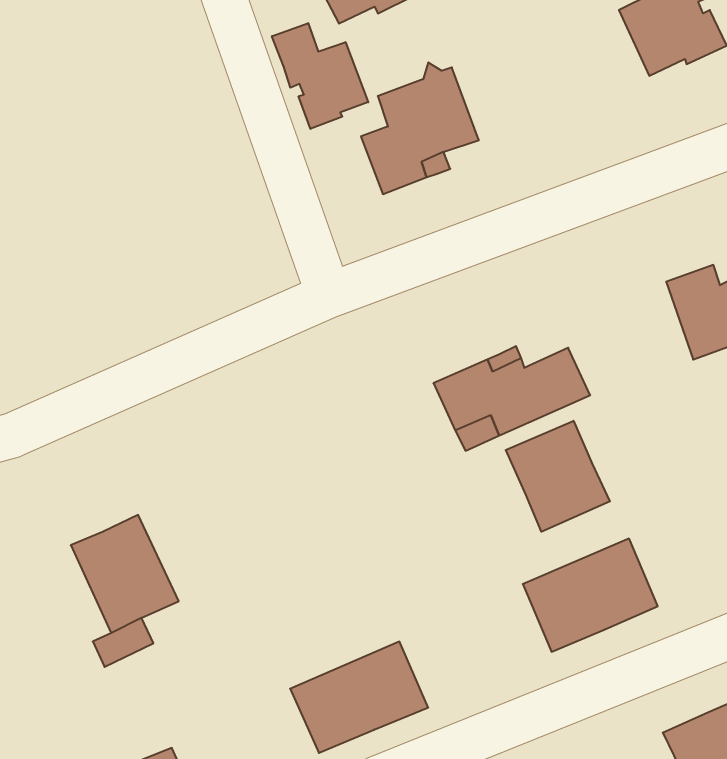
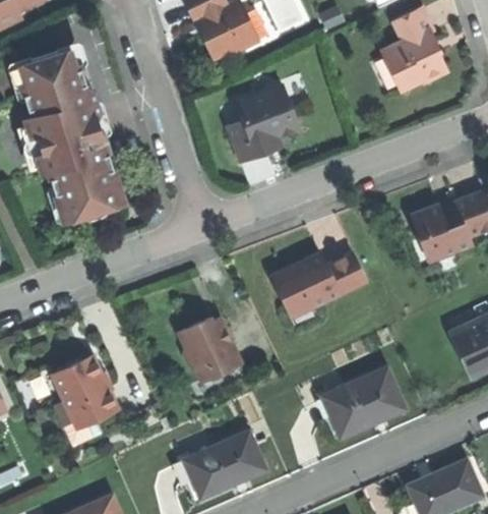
building: none -> [21,51,121,216]
building: [272,23,368,129] -> none
building: [506,421,610,532] -> none
building: none -> [179,316,240,380]

